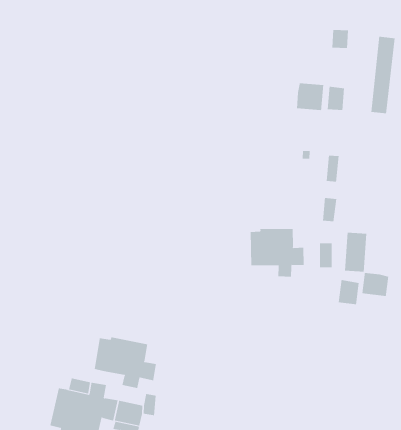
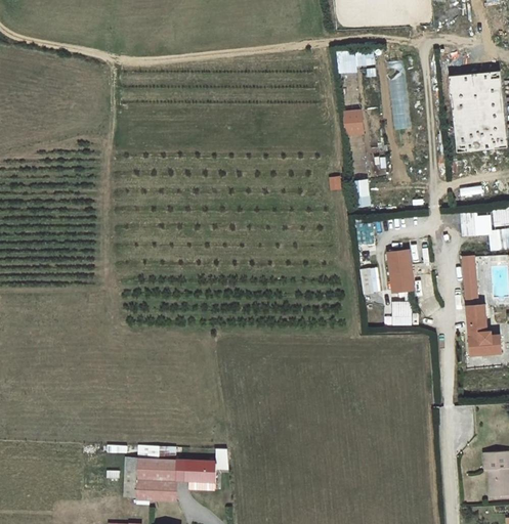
building: [297,83,324,111] -> none
building: [250,228,304,277] -> none
building: [362,272,389,297] -> none
building: [94,337,157,389] -> none

